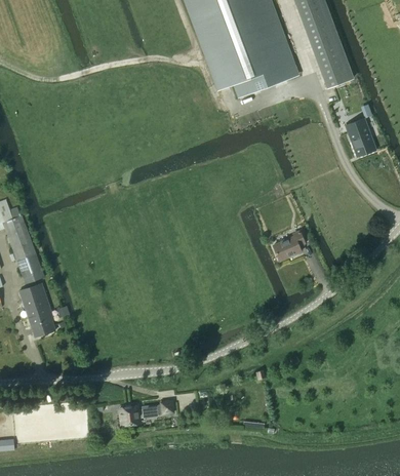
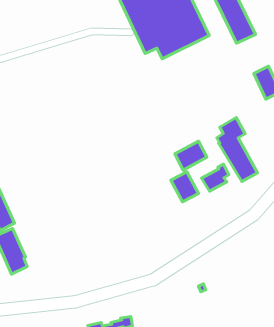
building: none -> [217,118,258,182]
building: none -> [175,141,207,170]
building: none -> [171,172,199,202]

